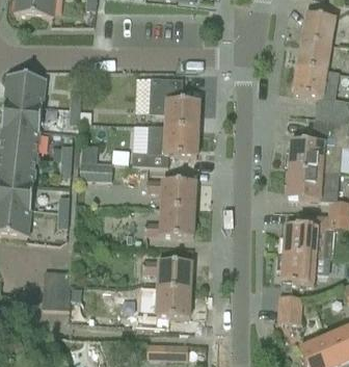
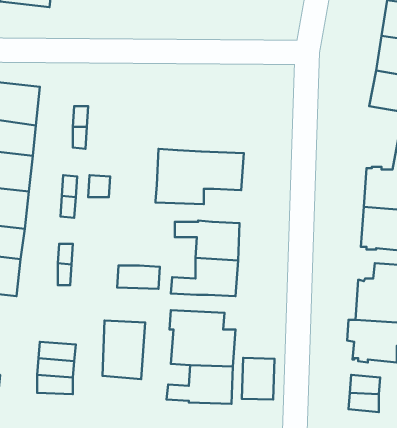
building: [150,78,199,128] -> none
building: [80,161,112,179] -> [117,265,160,289]
building: none -> [102,321,145,379]
building: none -> [242,358,274,400]

